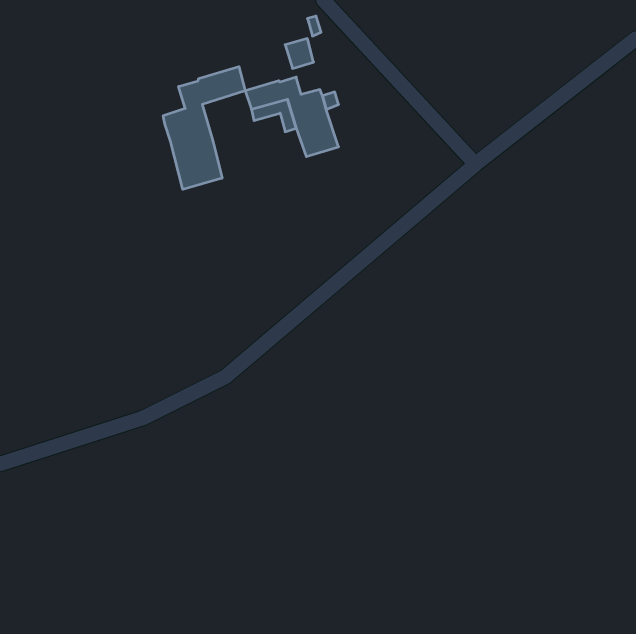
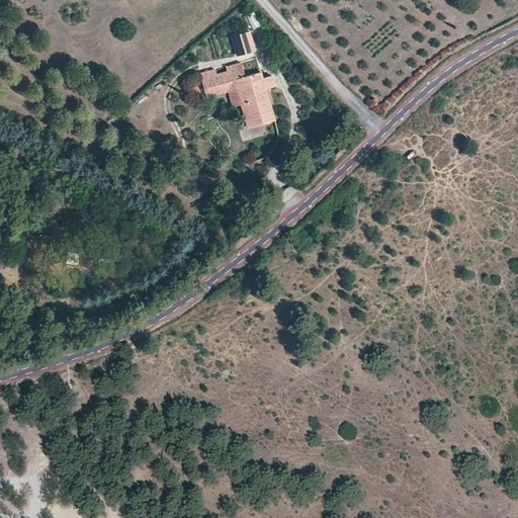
building: [163,67,245,189] -> none

